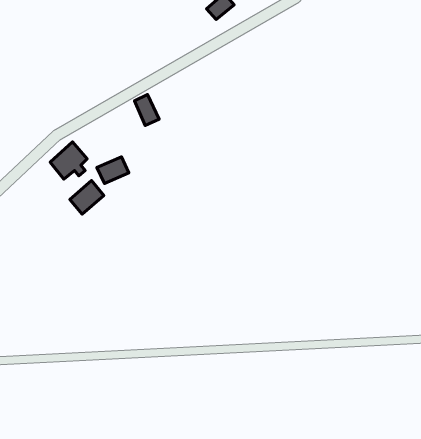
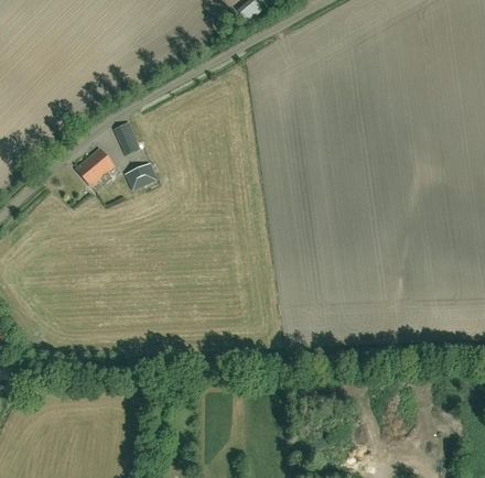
building: [135,95,159,125] -> [114,122,139,154]
building: [70,181,104,214] -> none

